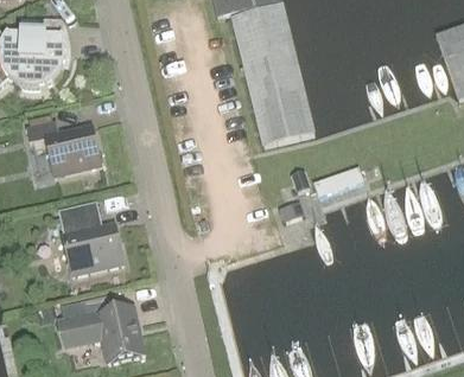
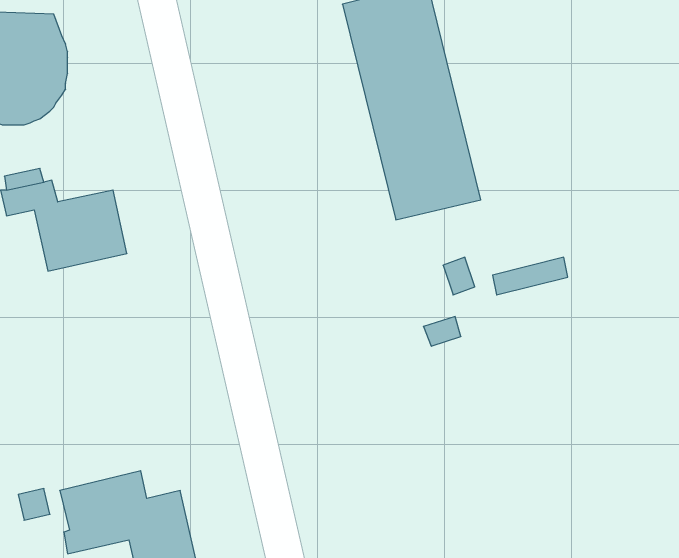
building: [57,202,123,275] -> none

